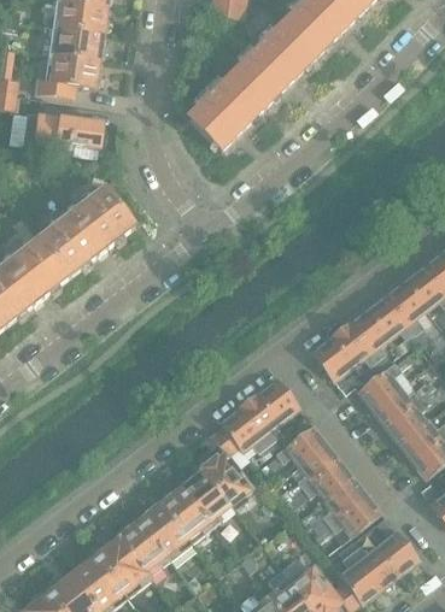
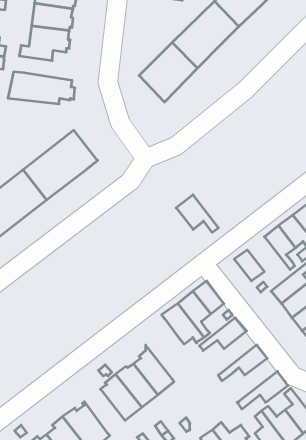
building: [327,323,381,371] -> [176,195,218,232]
building: [197,428,252,505] -> none
building: [287,443,339,498] -> none
building: [311,478,365,534] -> none
building: [116,518,170,575] -> none

